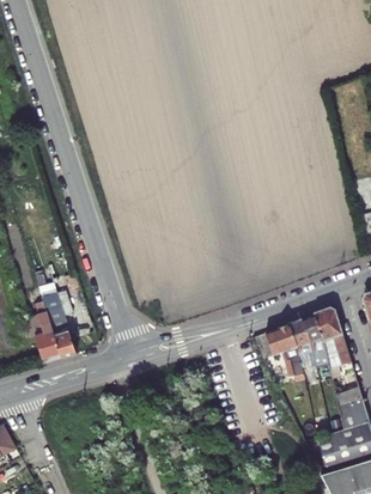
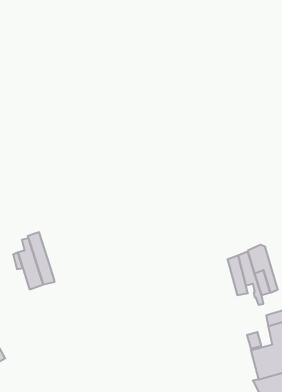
building: [254,325,303,382] -> none

